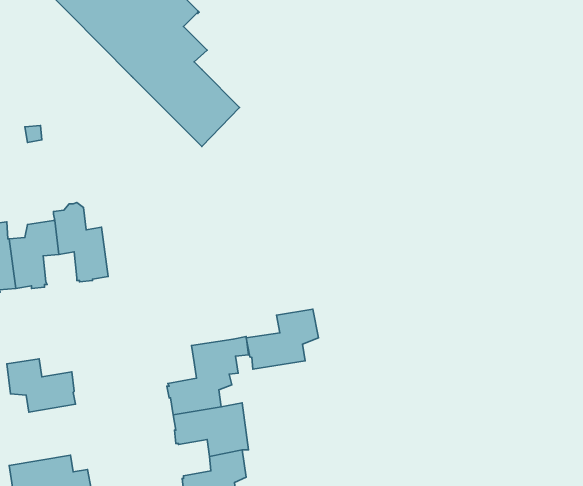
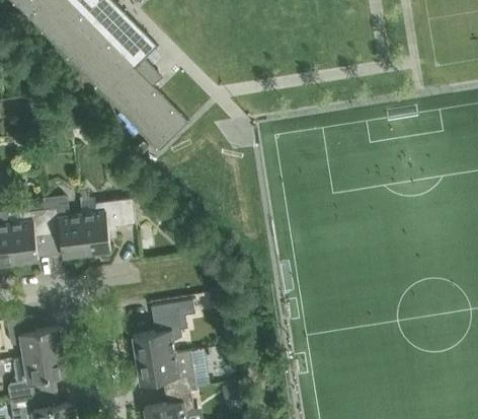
building: none -> [82,199,135,253]
building: [246,309,319,369] -> none
building: none -> [7,352,66,400]

